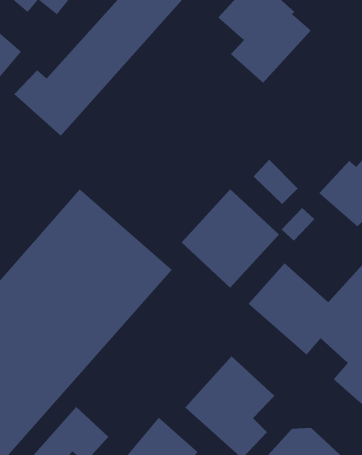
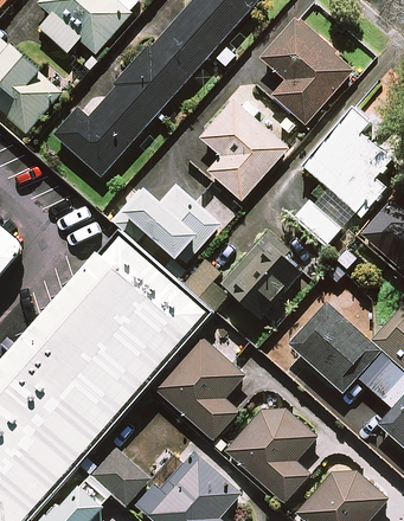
building: none -> [198,99,287,201]
building: none -> [302,109,390,217]
building: none -> [110,182,220,262]
building: none -> [155,339,243,440]

